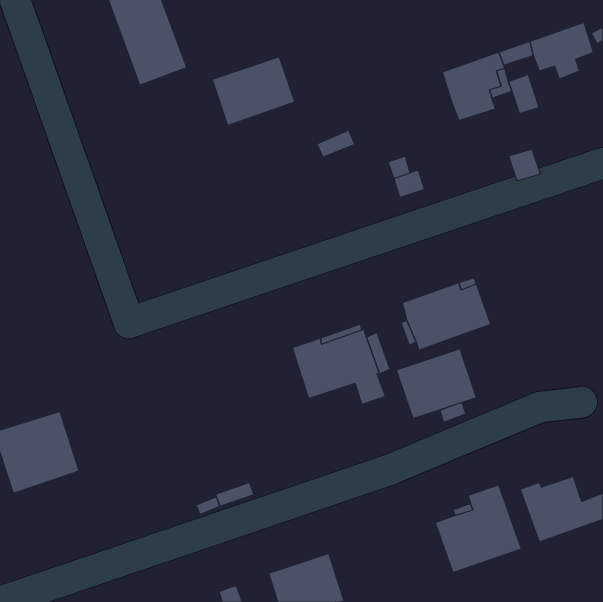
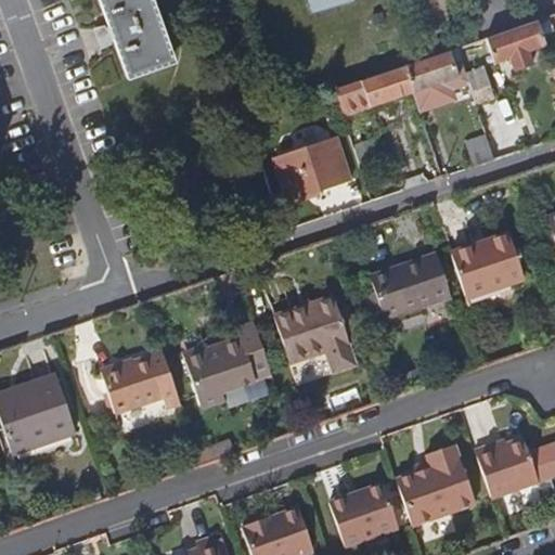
building: [212,57,295,126] -> [275,137,351,199]
building: none -> [336,66,414,118]
building: [396,349,477,419] -> [451,235,525,299]
building: none -> [185,325,271,406]
building: none -> [99,351,180,412]
building: none -> [333,483,401,546]

